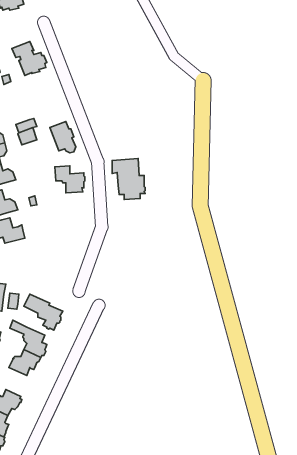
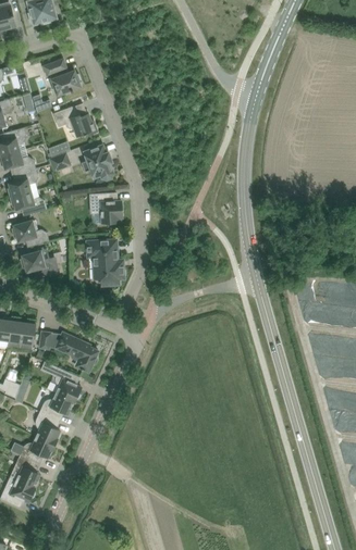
building: none -> [53,107,97,137]
building: [112,158,145,200] -> [87,240,123,285]
building: none -> [35,412,59,445]

